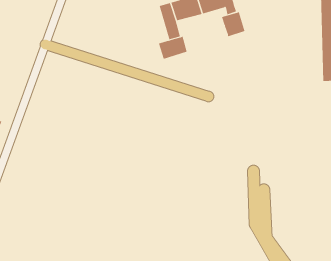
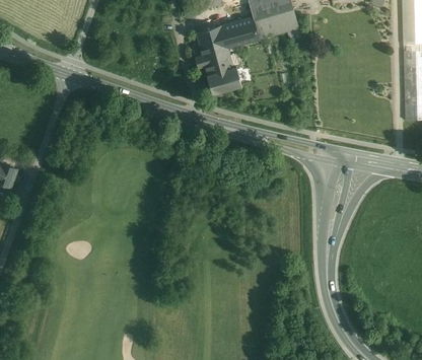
building: none -> [196,30,220,75]
building: [222,11,245,37] -> none

